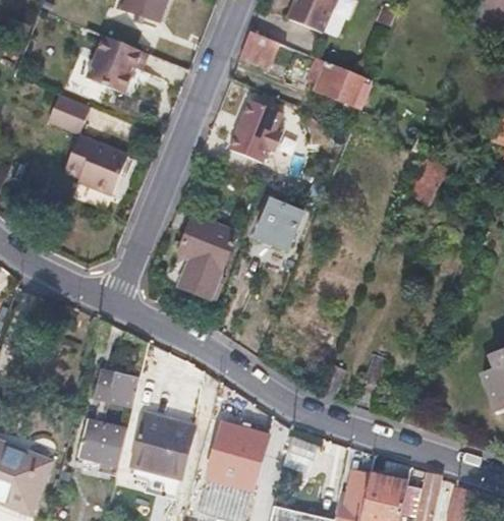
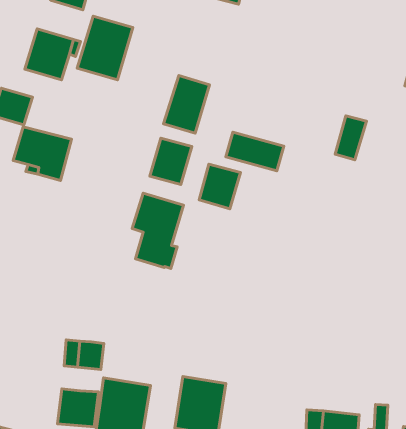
building: none -> [77,16,133,80]
building: [239,30,283,68] -> none
building: [309,58,372,104] -> [226,132,284,171]
building: none -> [150,138,192,184]

